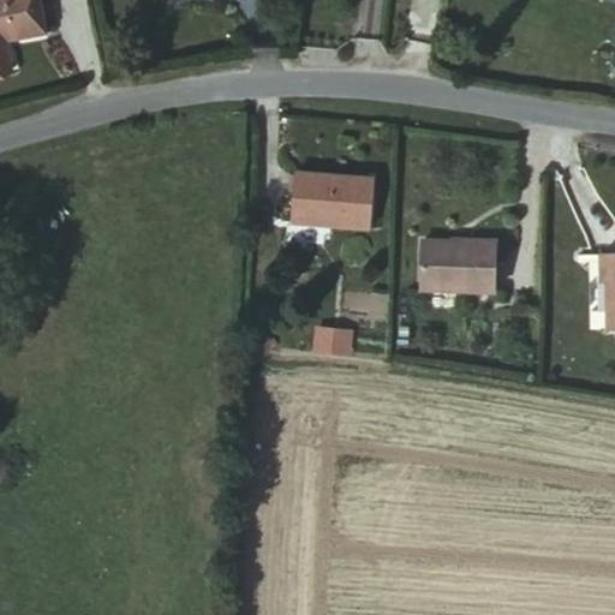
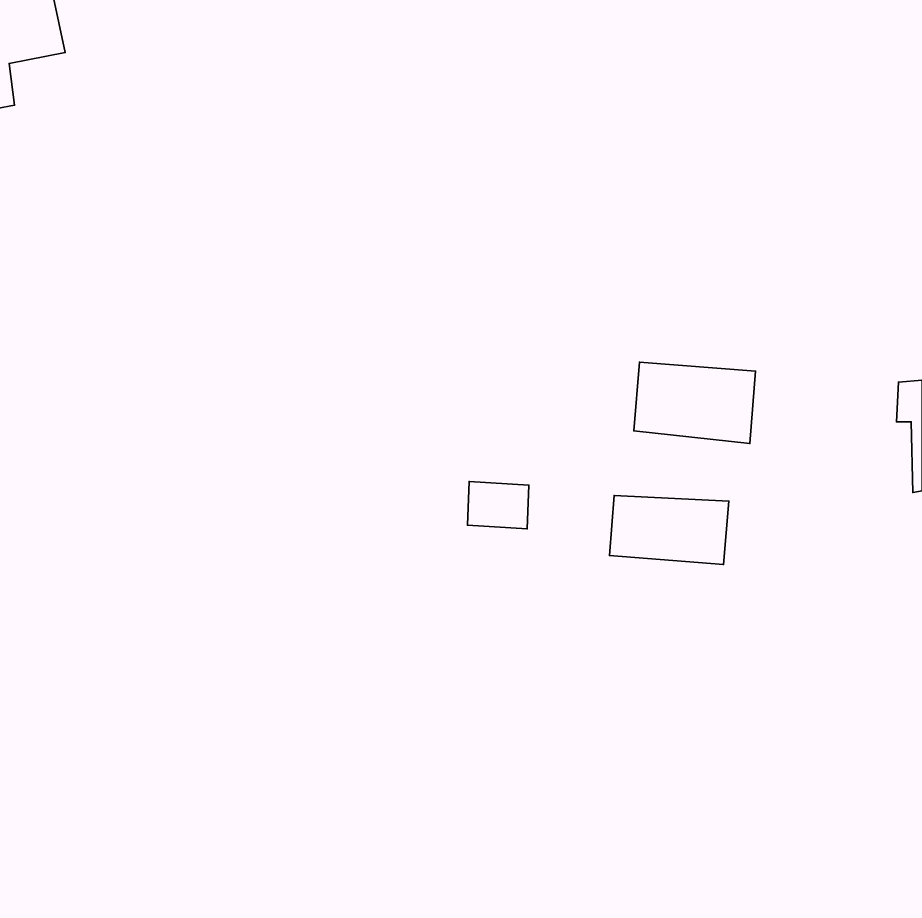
building: [294,175,371,227] -> none
building: none -> [609,495,729,564]

